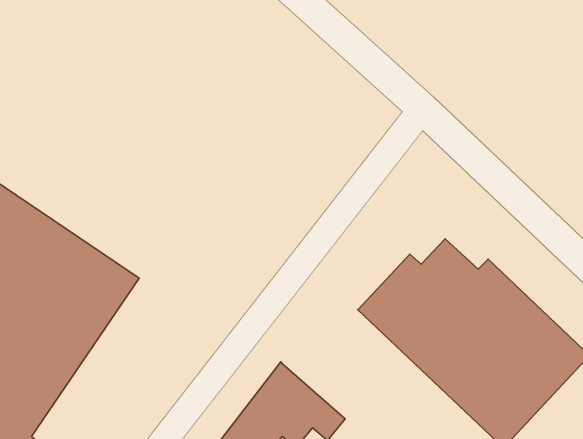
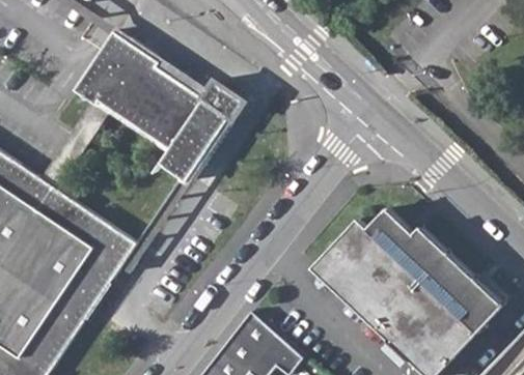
building: none -> [71,31,245,181]

